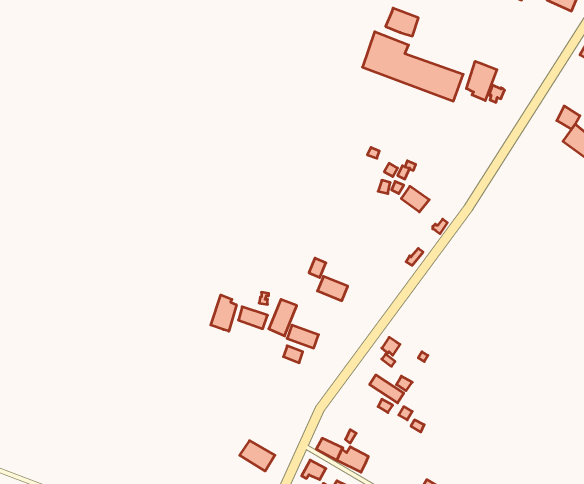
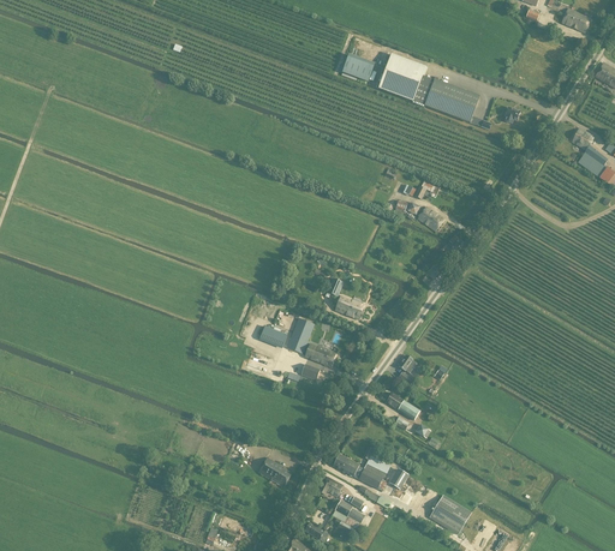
building: [386,8,418,36] -> [341,54,374,82]
building: [466,61,497,101] -> none
building: [211,295,236,331] -> none

